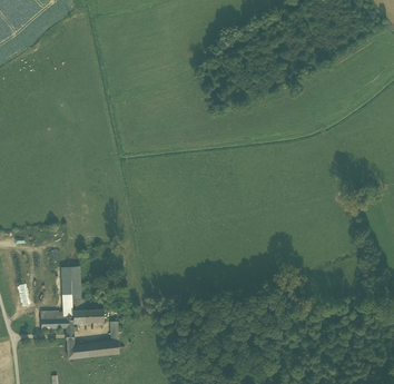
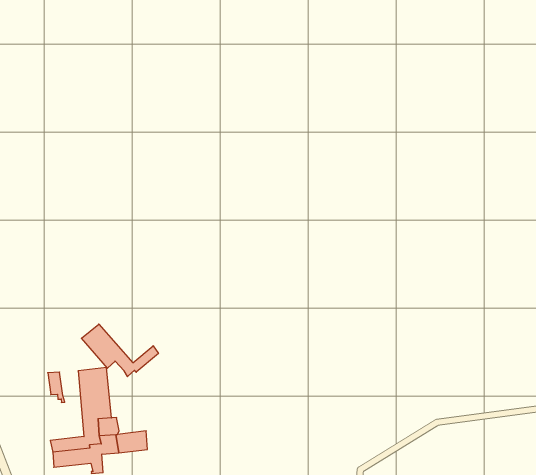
building: none -> [81,324,158,377]

